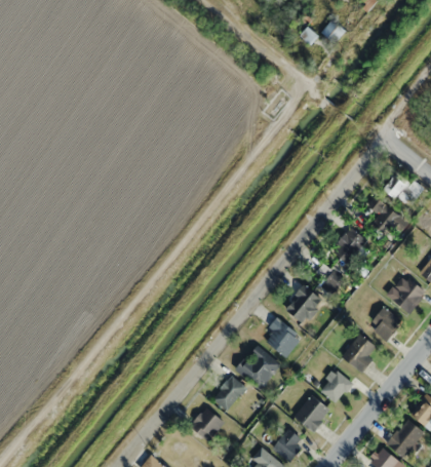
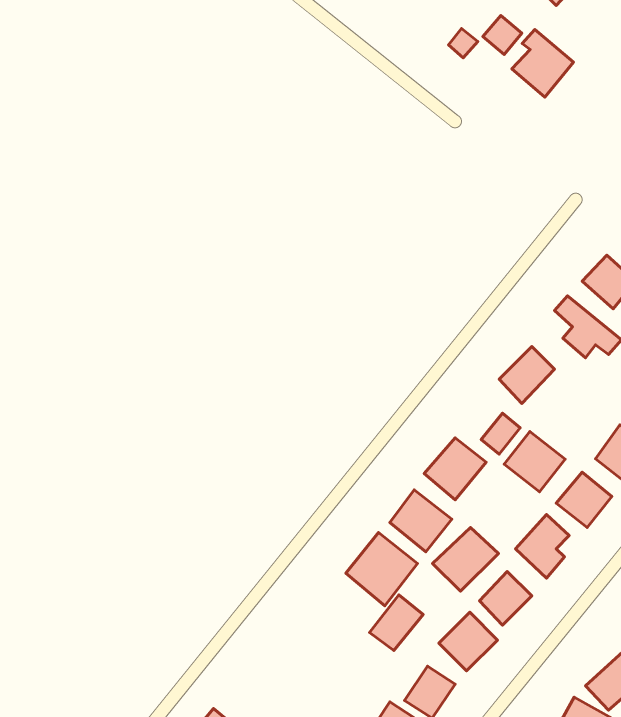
building: none -> [512,29,574,97]
building: none -> [504,431,565,492]
building: none -> [433,528,498,591]
building: [211,376,245,411] -> [369,595,423,650]
building: [190,407,224,441] -> none

